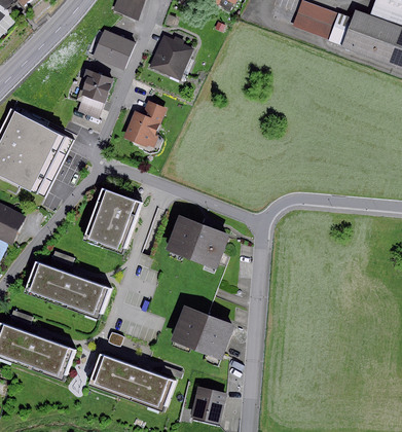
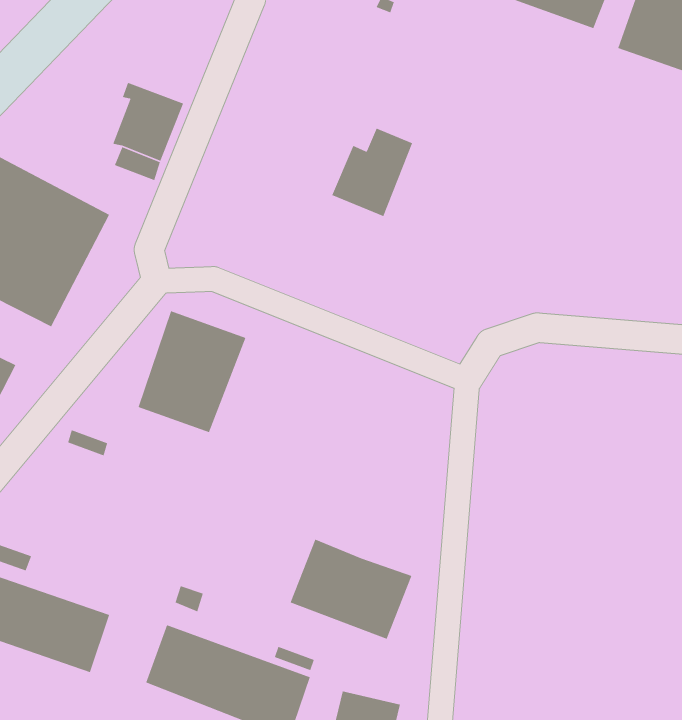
building: [92,29,134,70] -> none
building: [149,35,194,80] -> none
building: [122,101,166,148] -> [331,127,413,217]
building: [165,217,227,271] -> none
building: [30,261,114,318] -> none

